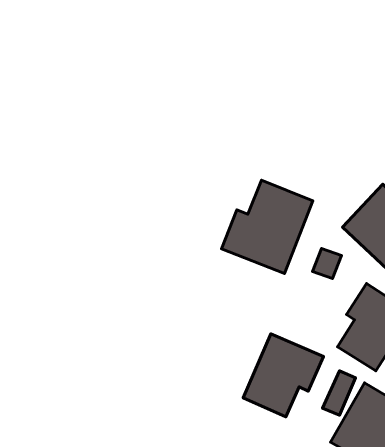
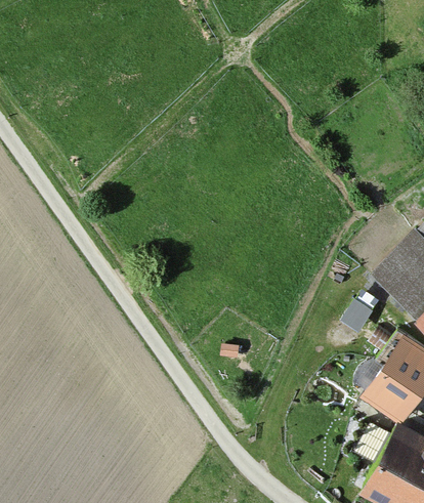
building: [221,180,313,273] -> none
building: [243,334,323,417] -> none

